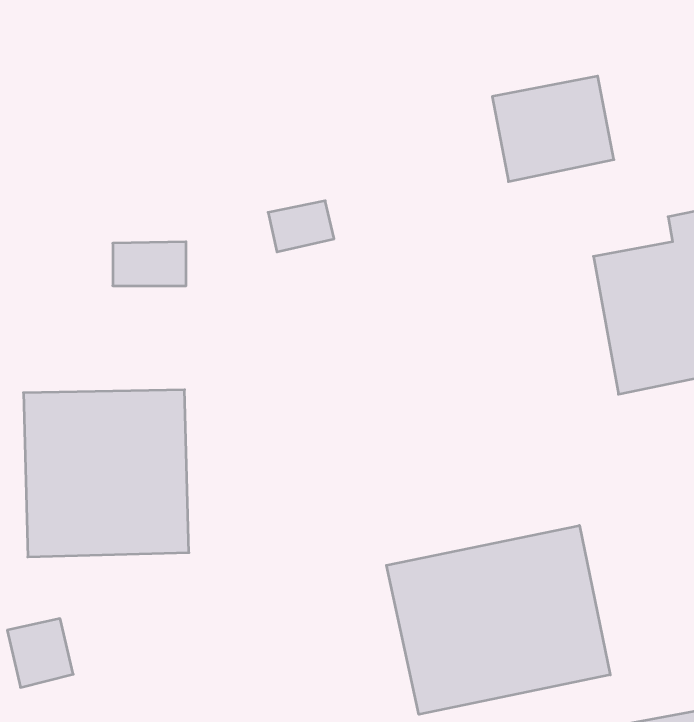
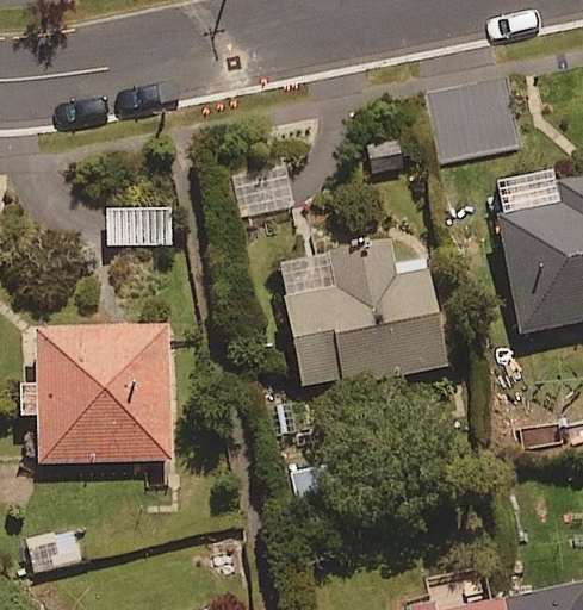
building: none -> [284,247,448,391]
building: [386,525,610,714] -> none

